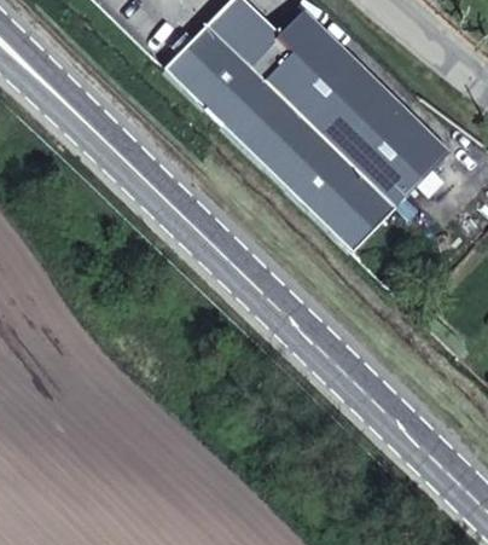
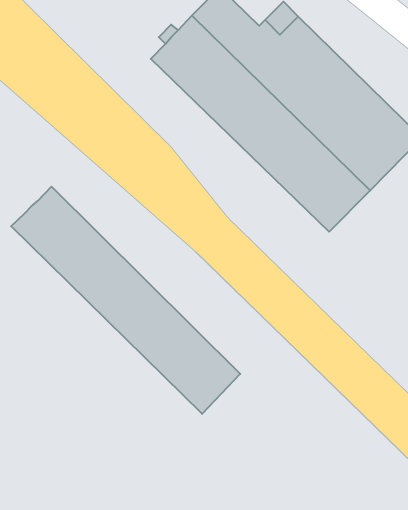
building: none -> [11,187,240,414]

